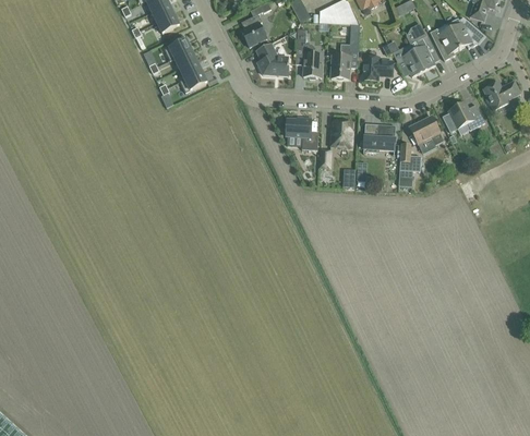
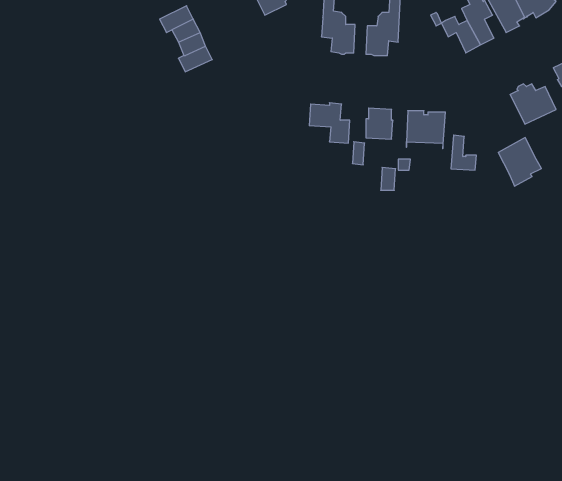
building: [255,43,288,75] -> none
building: [362,56,393,80] -> none
building: [409,114,444,154] -> [498,138,541,186]

